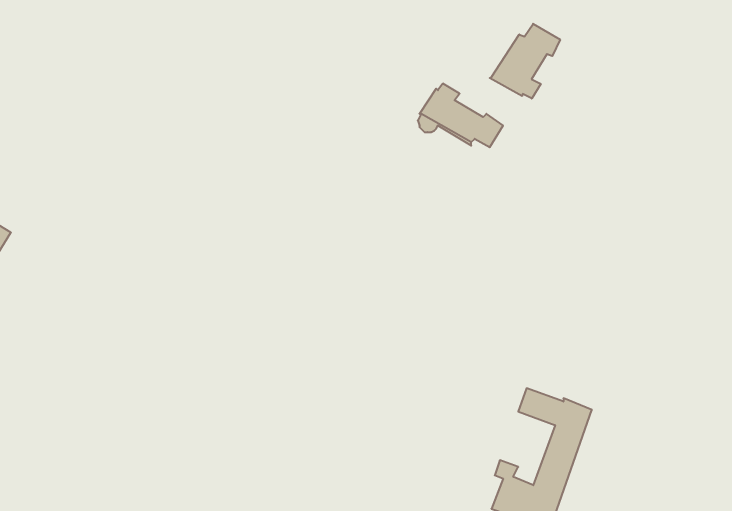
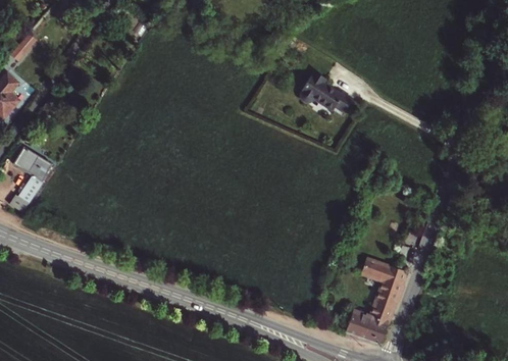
building: [490,24,560,99] -> none

